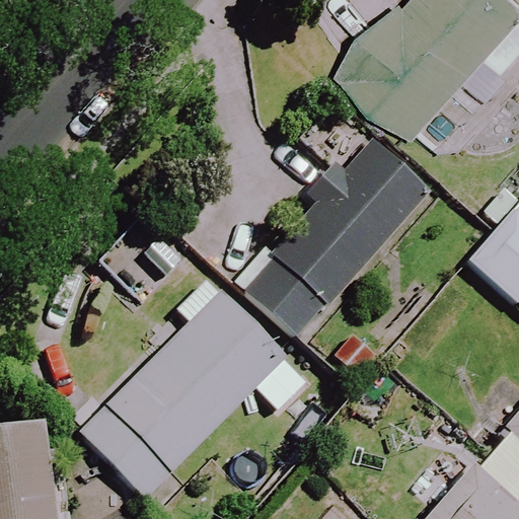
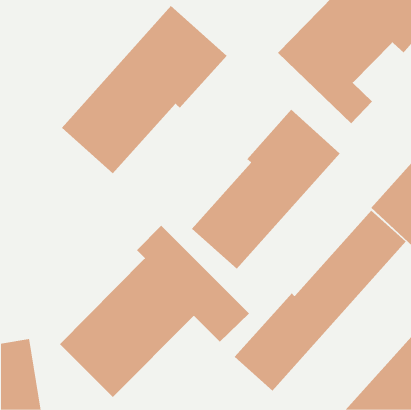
building: none -> [61,5,227,174]
building: none -> [234,210,406,391]

